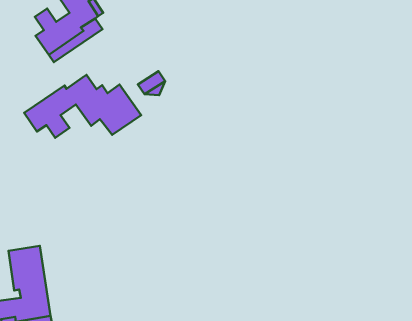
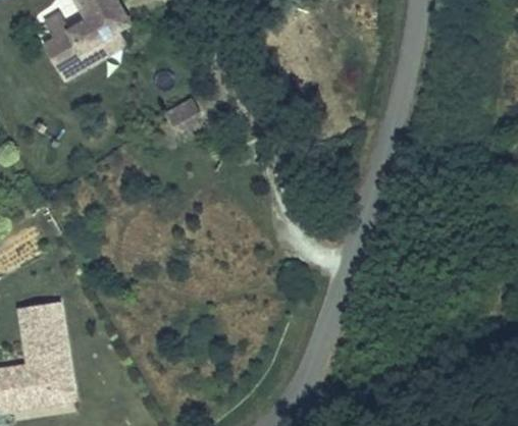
building: [24,75,141,138] -> none

